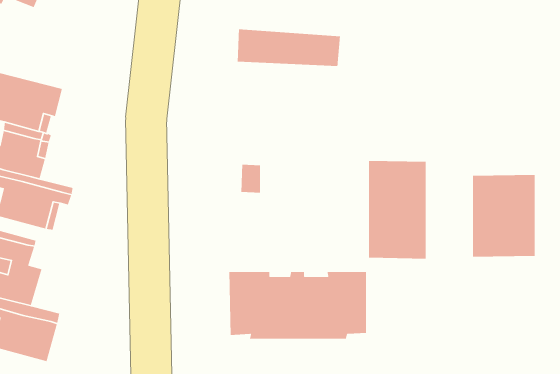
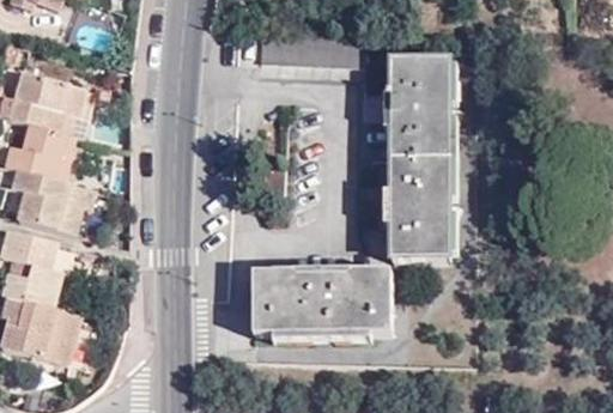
building: none -> [392,61,451,163]
building: [472,174,536,258] -> none

